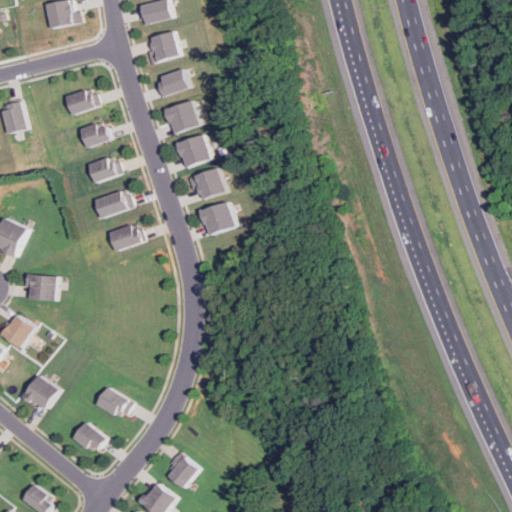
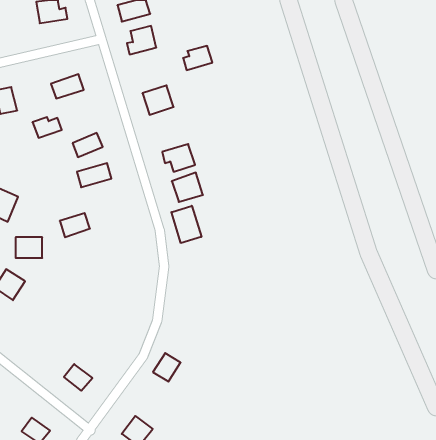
building: [157,69,191,97] -> [183,46,212,70]
building: [74,124,108,148] -> [32,117,62,138]
building: [177,134,213,168] -> none
building: [104,224,139,252] -> [60,213,90,237]
building: none -> [171,206,201,243]
building: [22,376,58,411] -> none
building: [98,387,134,419] -> none
building: [167,456,199,489] -> [153,353,181,382]

